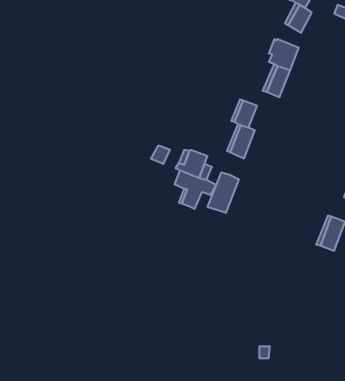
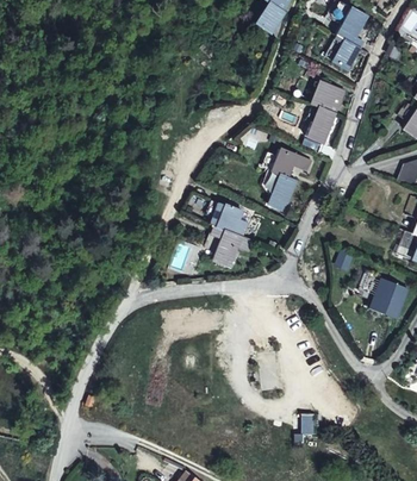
building: [208,172,239,213] -> none

